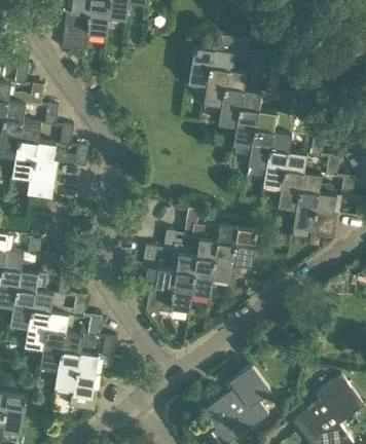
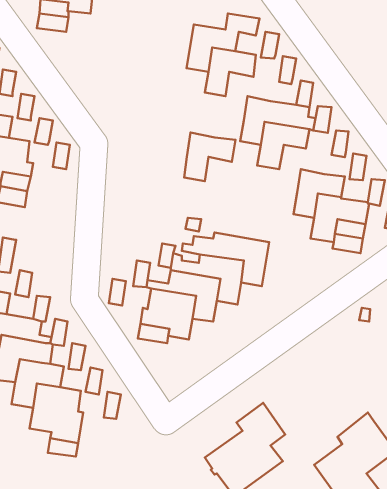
building: [217,87,260,128] -> [184,133,235,181]
building: [262,149,305,189] -> none

